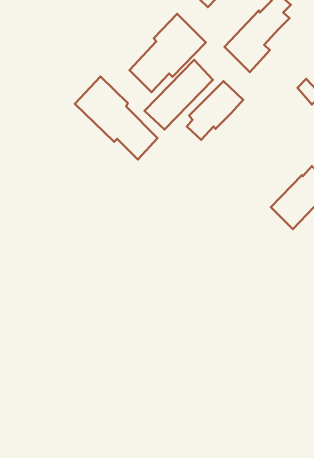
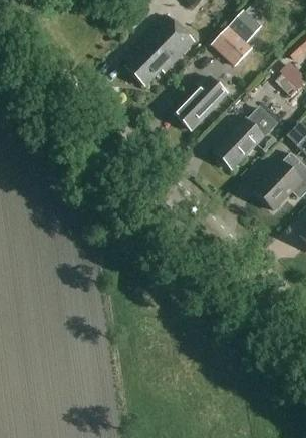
building: [145,60,213,130] -> [214,105,276,168]
building: [75,76,158,159] -> none

